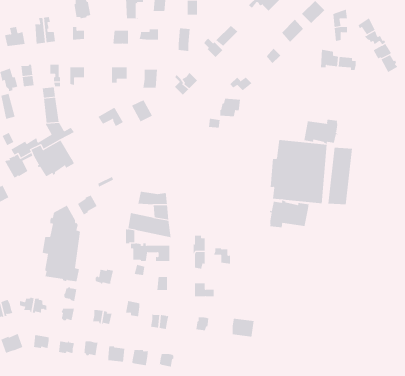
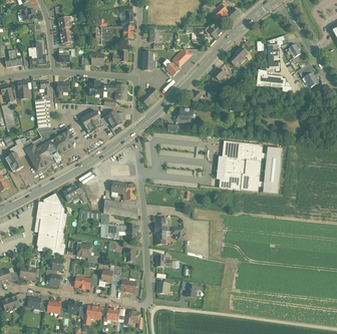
building: [304,119,338,145] -> none
building: none -> [49,125,74,155]
building: [270,200,309,228] -> none

